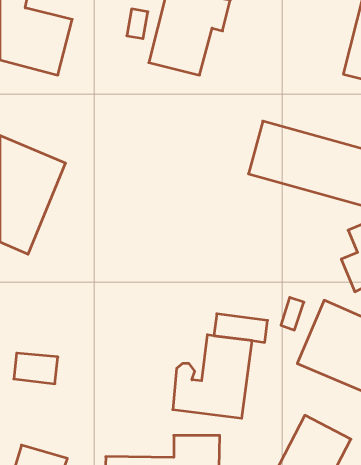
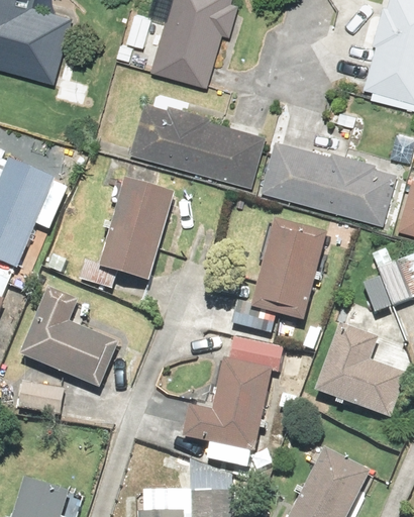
building: none -> [128,97,266,184]
building: none -> [98,179,175,281]
building: none -> [253,221,324,317]
building: none -> [19,291,117,393]

